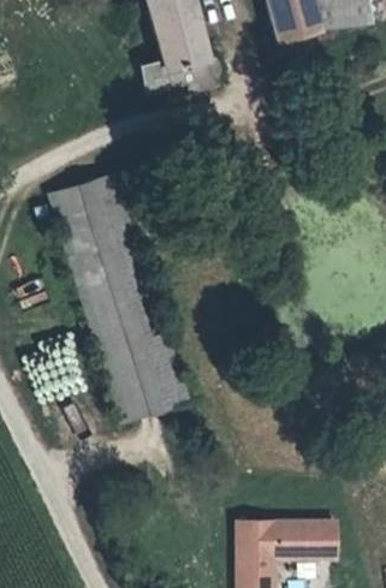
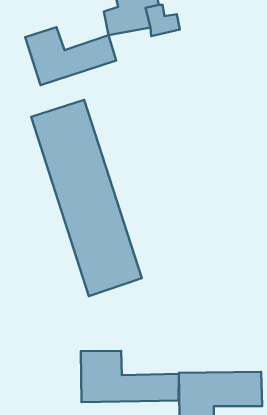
building: none -> [25,27,116,85]
building: none -> [81,351,179,402]

